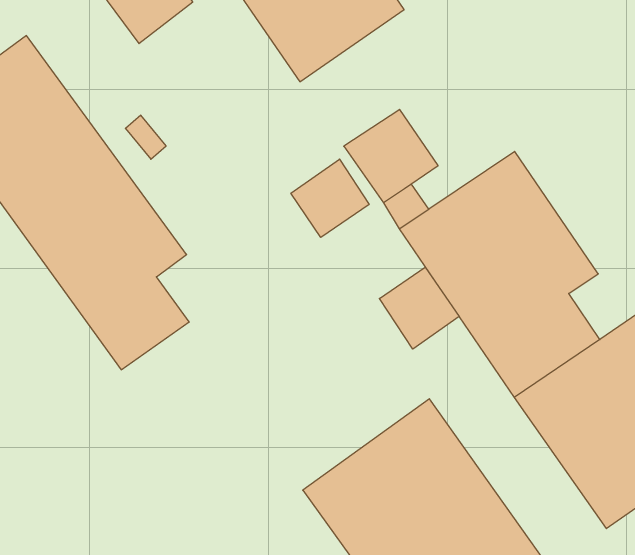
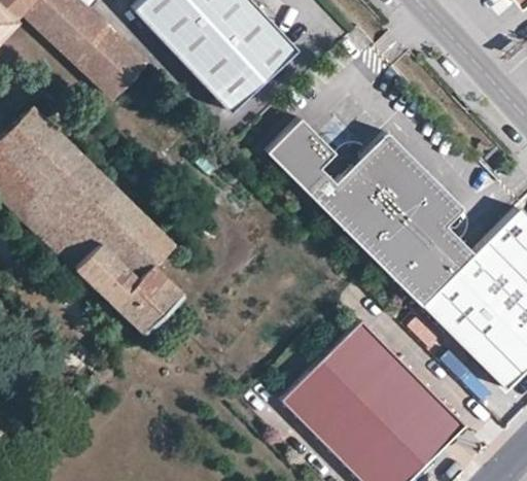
building: [291,159,369,237] -> none
building: [379,267,459,349] -> none

